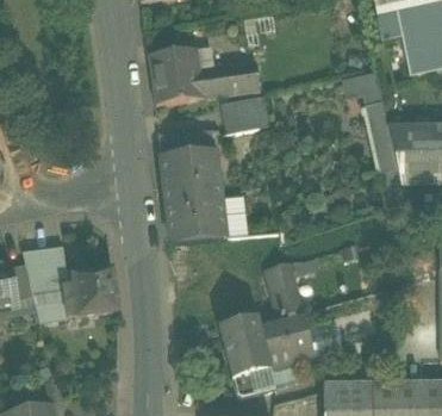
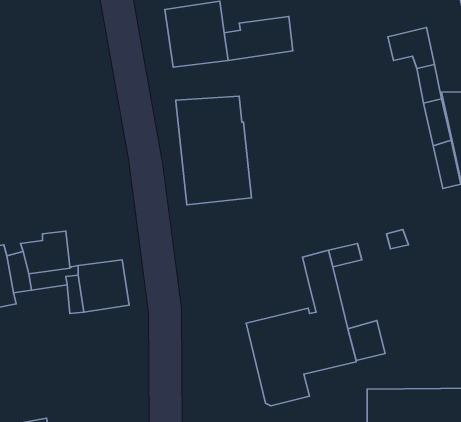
building: [220,94,260,131] -> none
building: [168,215,226,238] -> none
building: [33,290,67,318] -> none

